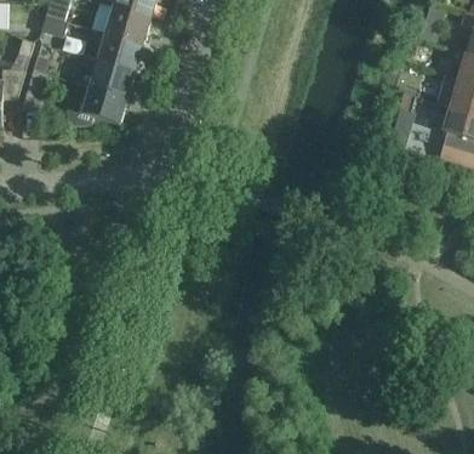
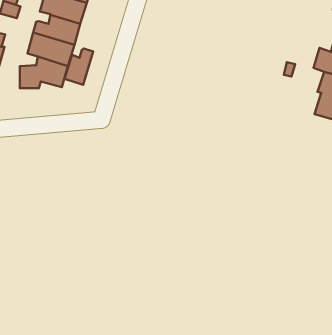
building: none -> [65,48,93,85]

